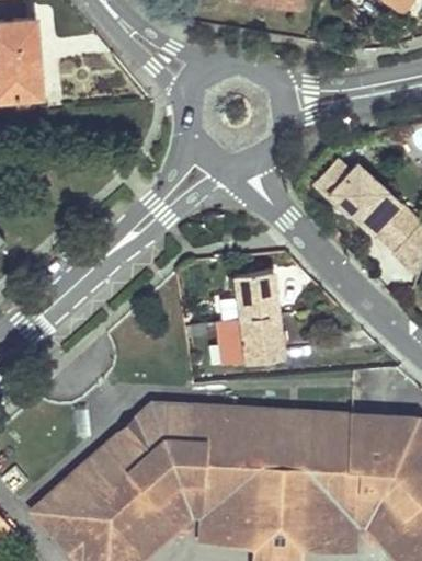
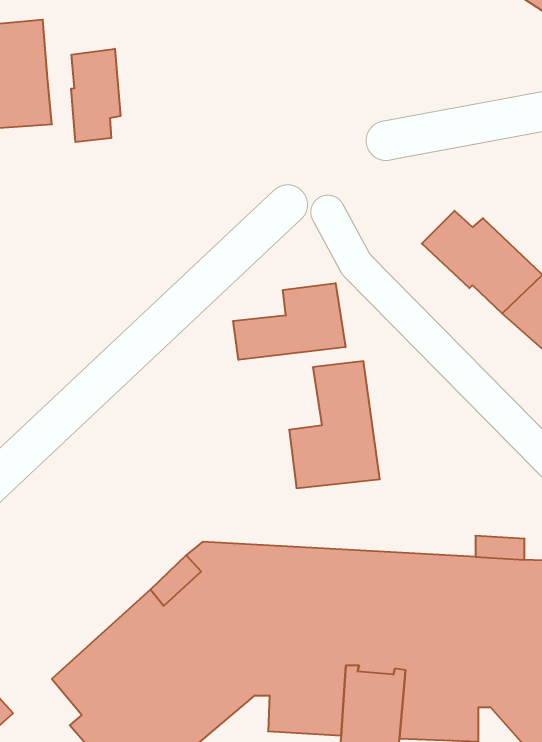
building: none -> [71,49,120,142]
building: none -> [233,283,345,360]

